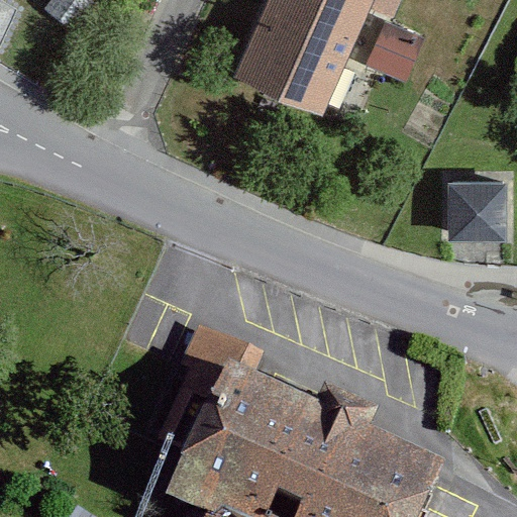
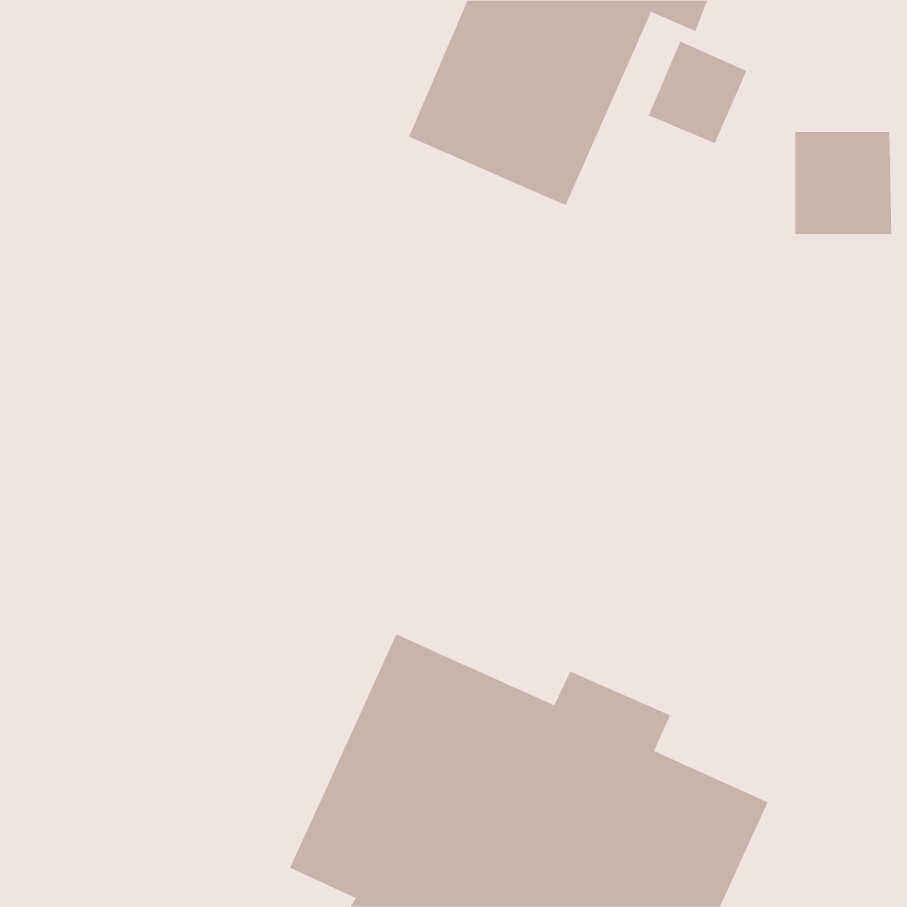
building: [450,183,506,241] -> [794,132,892,234]
building: [166,327,263,438] -> none

